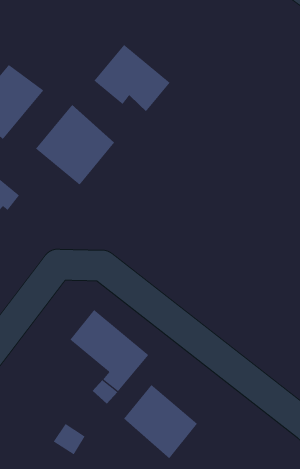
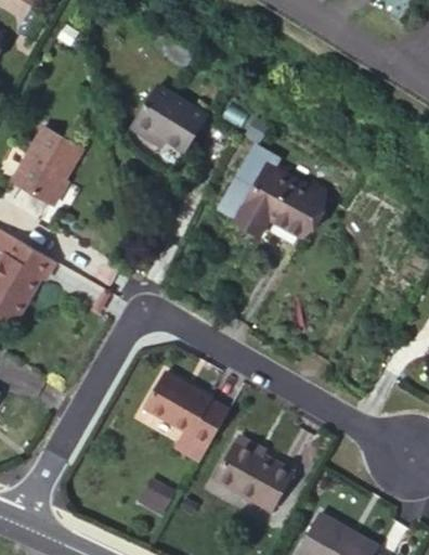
building: [35,104,115,186] -> none
building: none -> [234,151,340,256]

